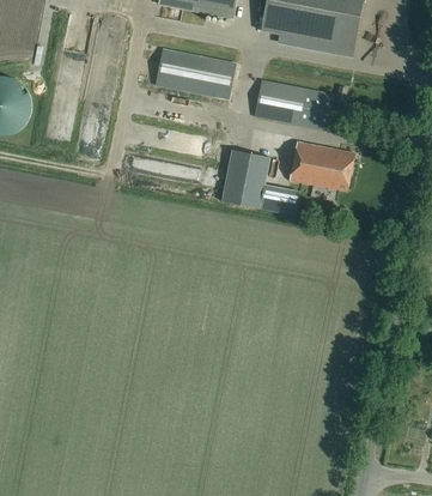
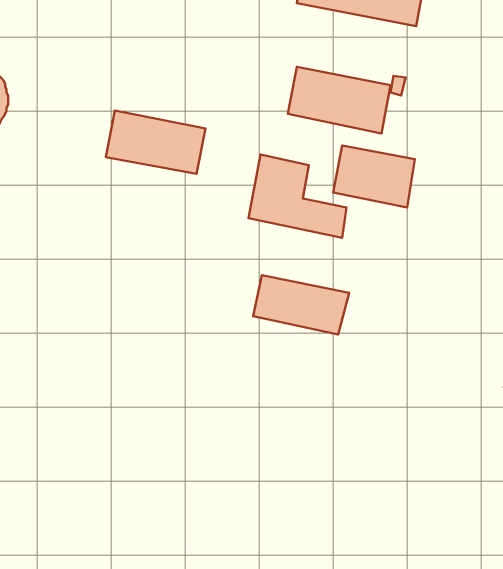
building: [156,48,235,98] -> [106,110,205,174]
building: none -> [253,275,349,334]

